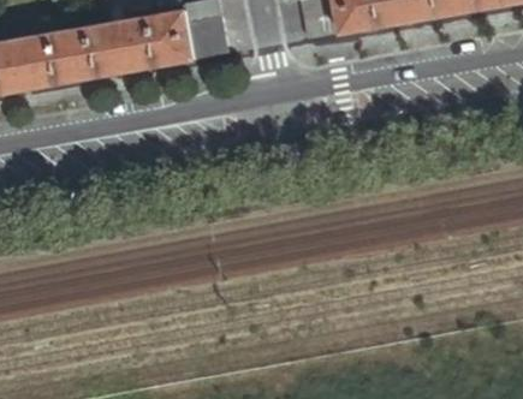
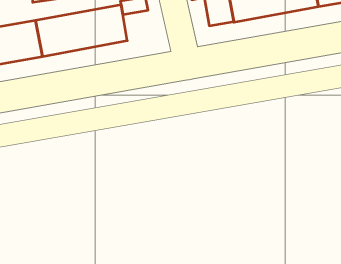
building: [189,17,230,59] -> none

